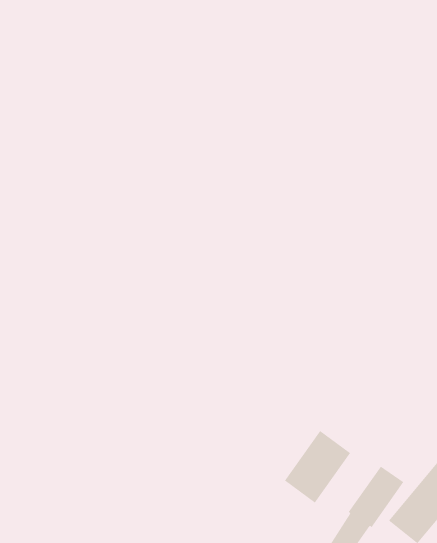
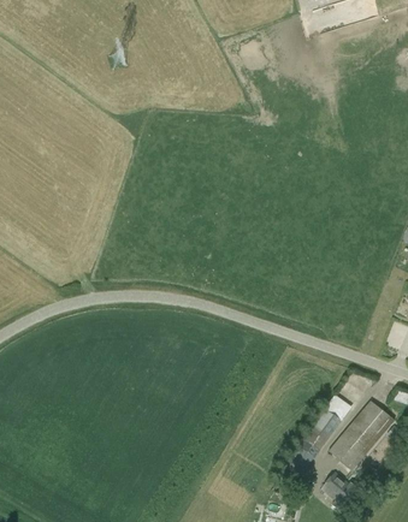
building: [284,430,351,503] -> none

